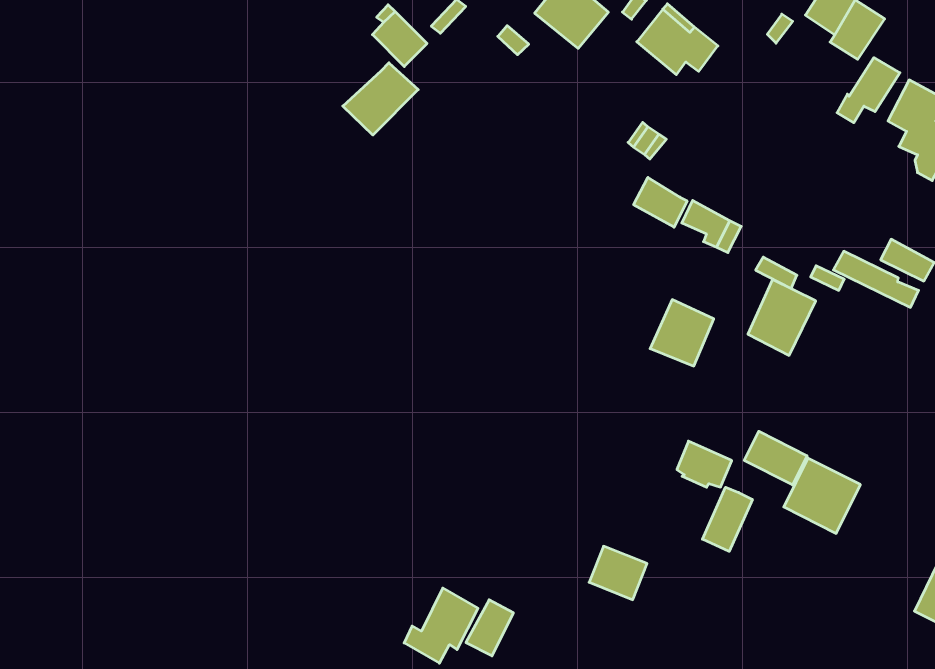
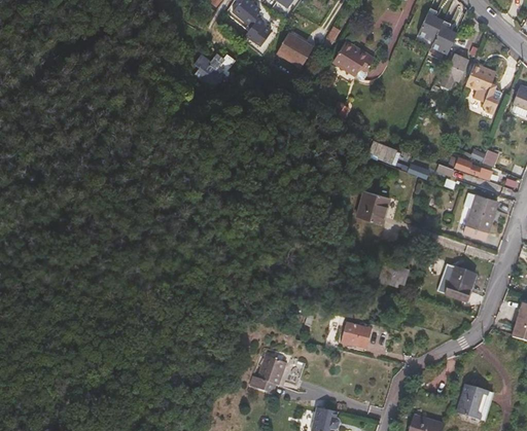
building: [343,63,418,135] -> none
building: [634,177,687,227] -> none
building: [748,280,816,355] -> [465,192,498,230]
building: [744,431,807,485] -> none
building: [702,487,752,551] -> none

